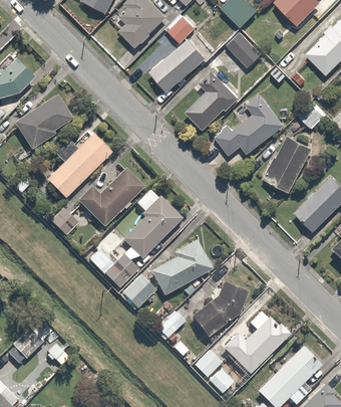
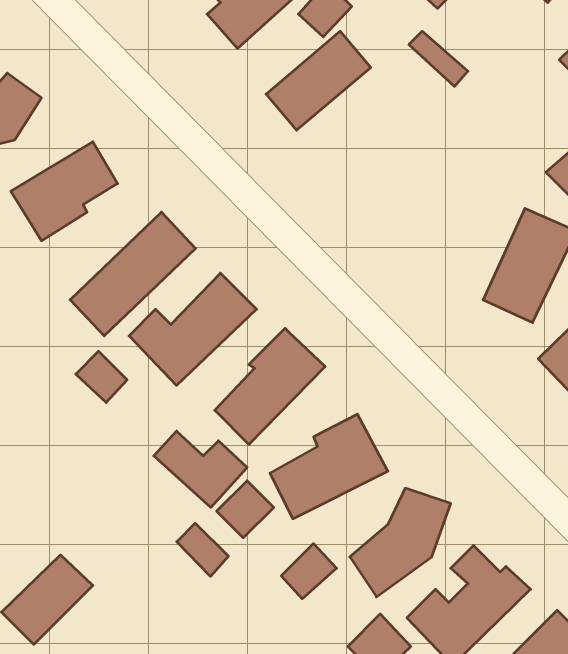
building: [184,69,236,131] -> none
building: [213,90,287,156] -> none
building: none -> [177,523,228,576]

